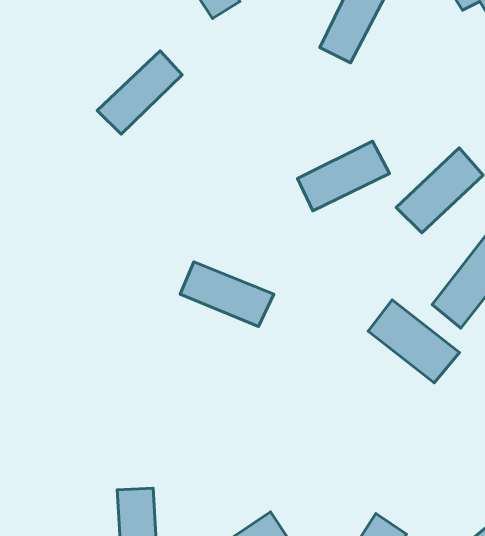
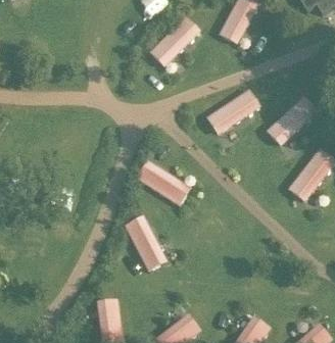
building: [97,51,182,134] -> [149,17,200,67]
building: [368,300,459,383] -> none
building: none -> [124,215,166,272]

